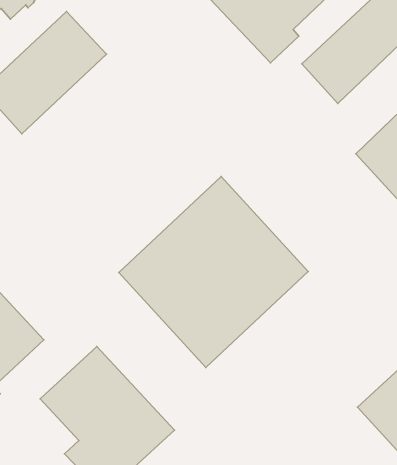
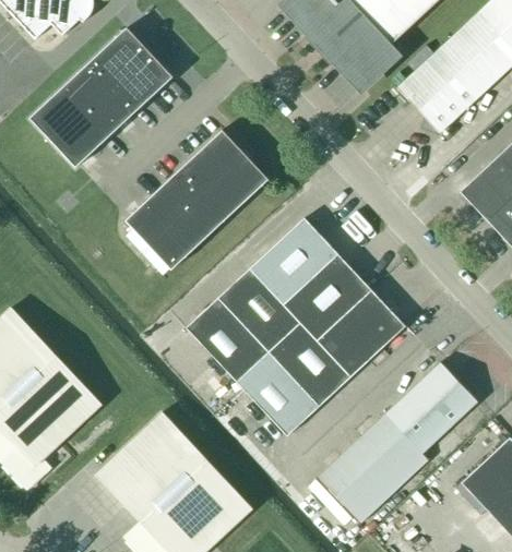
building: none -> [126,129,269,269]
building: none -> [318,362,477,523]

